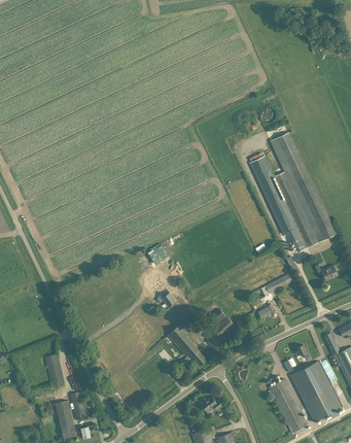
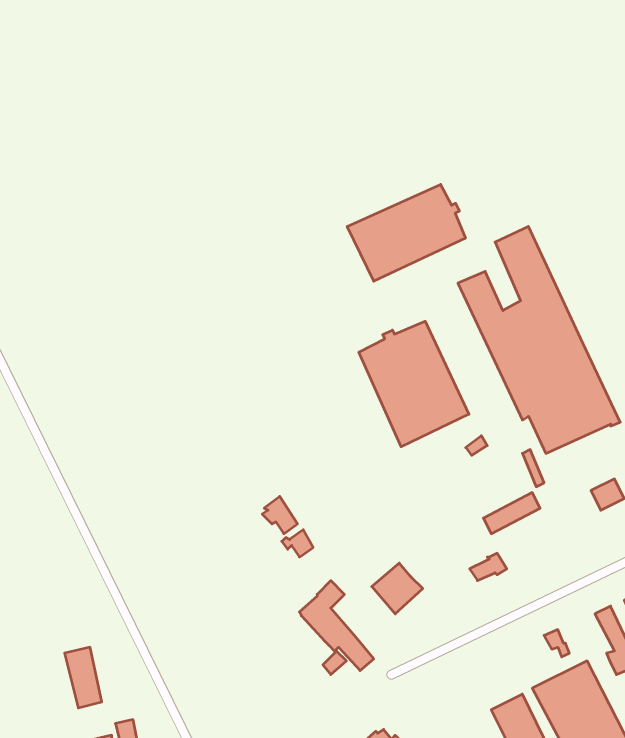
building: none -> [347,184,465,281]
building: none -> [359,321,469,447]

